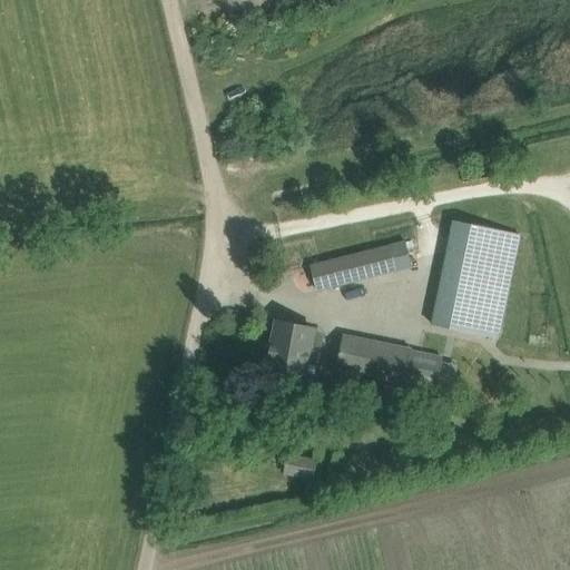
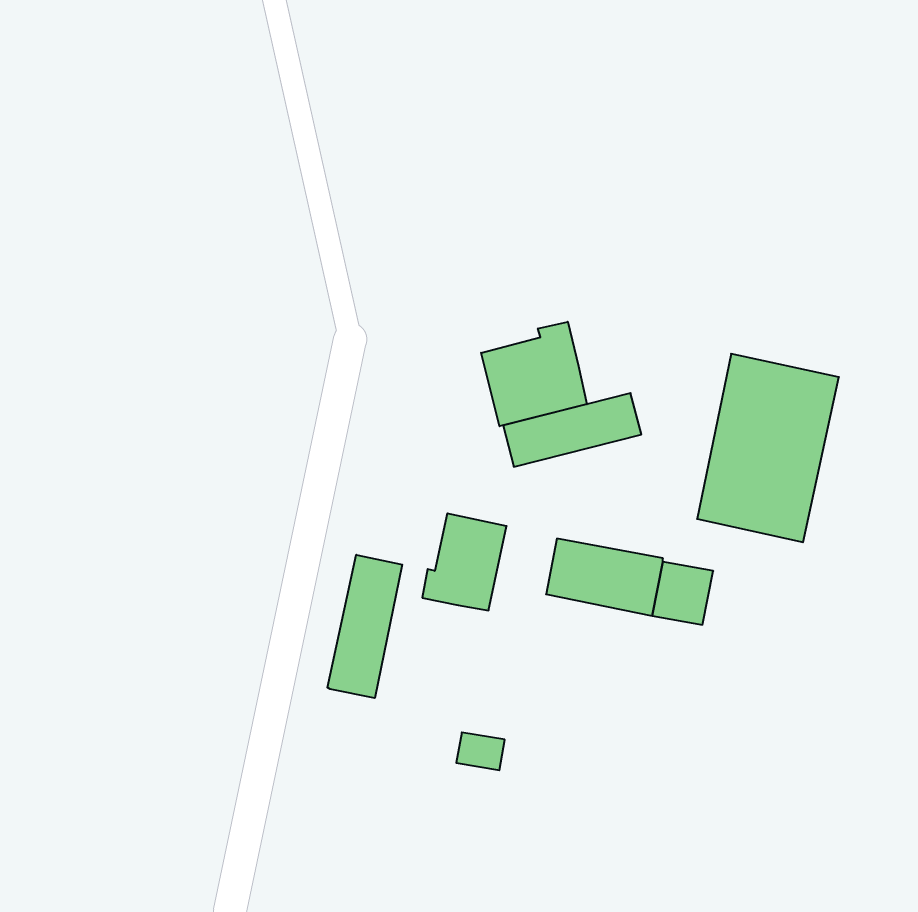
building: none -> [481,322,587,426]
building: none -> [327,555,402,698]

